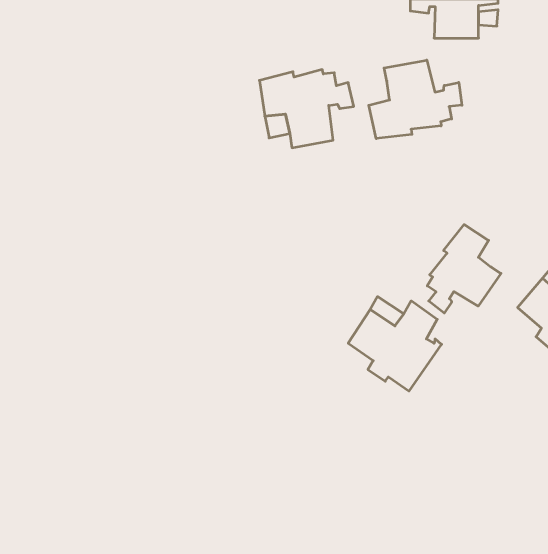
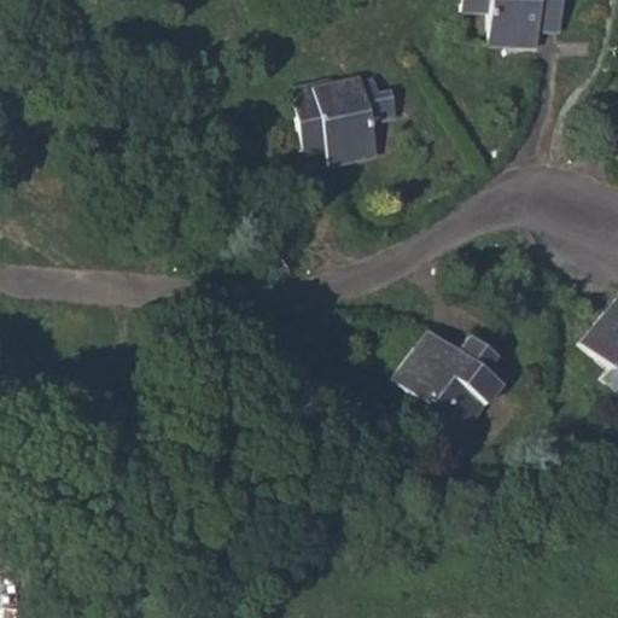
building: [369,60,462,139] -> none
building: [427,225,501,313] -> none

